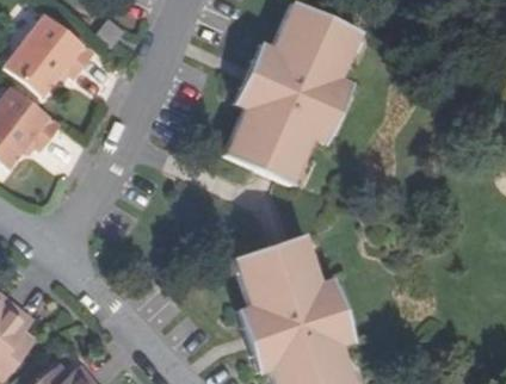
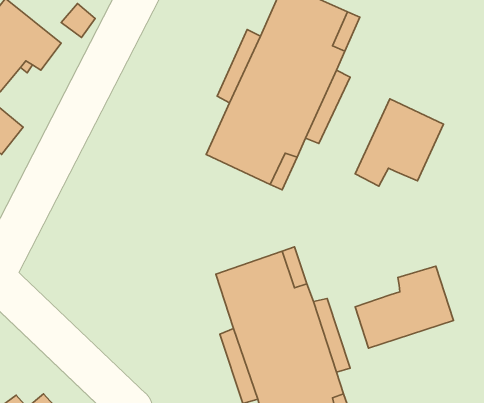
building: none -> [355,99,444,186]
building: none -> [355,266,454,348]

